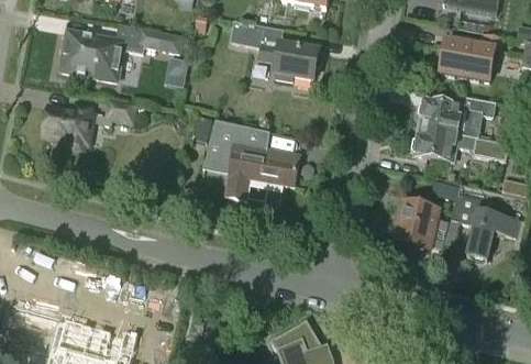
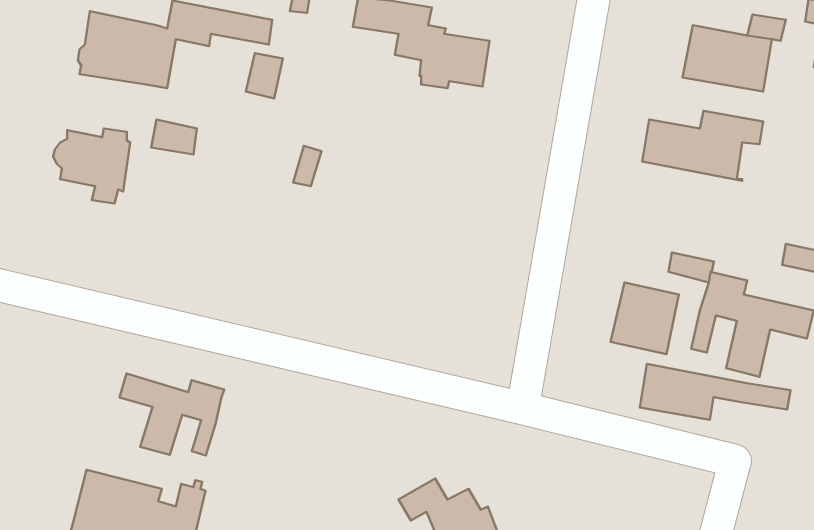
building: [204,123,301,198] -> none
building: [410,125,505,161] -> [640,364,791,420]
building: none -> [120,374,224,455]

